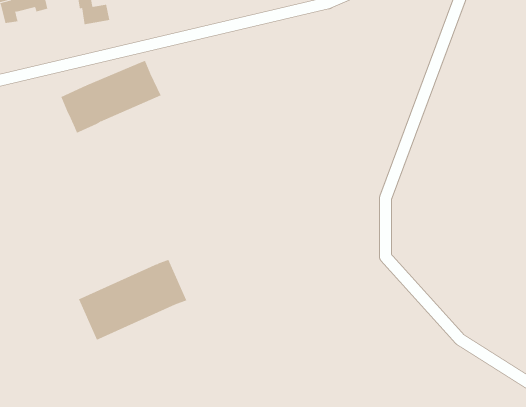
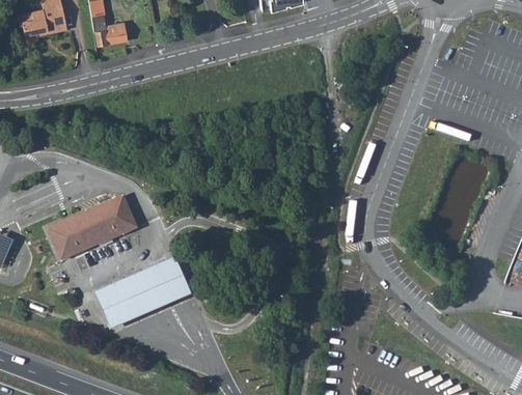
building: [60,60,161,133] -> [47,195,138,261]

